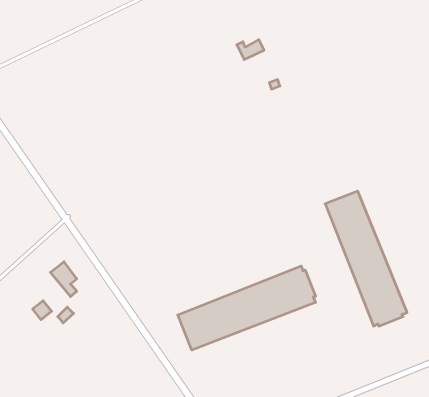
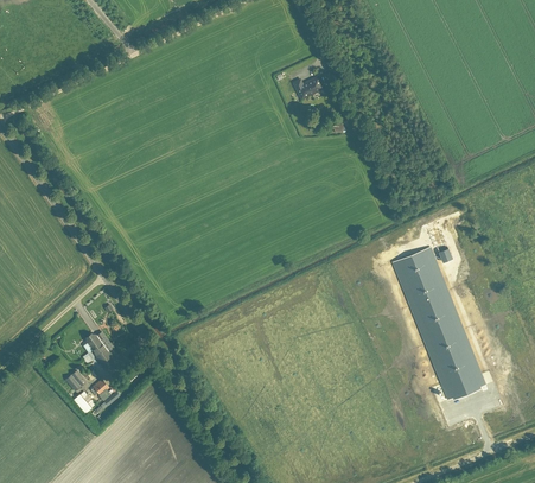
building: [178,266,316,350] -> none

